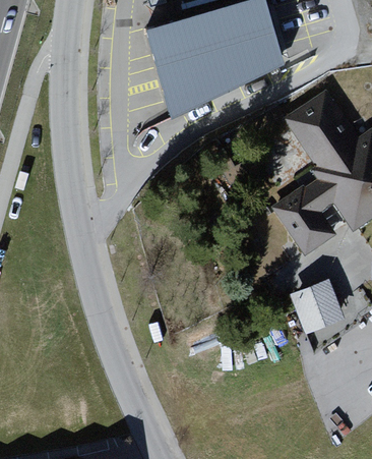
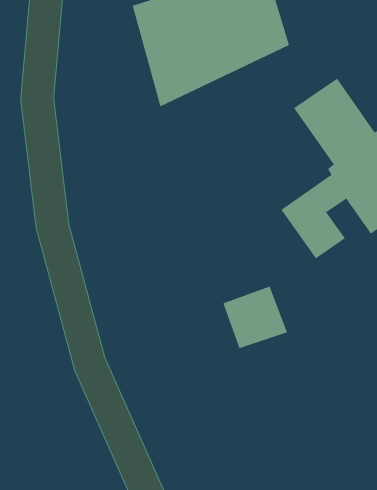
building: [286,277,343,332] -> [222,286,288,349]

